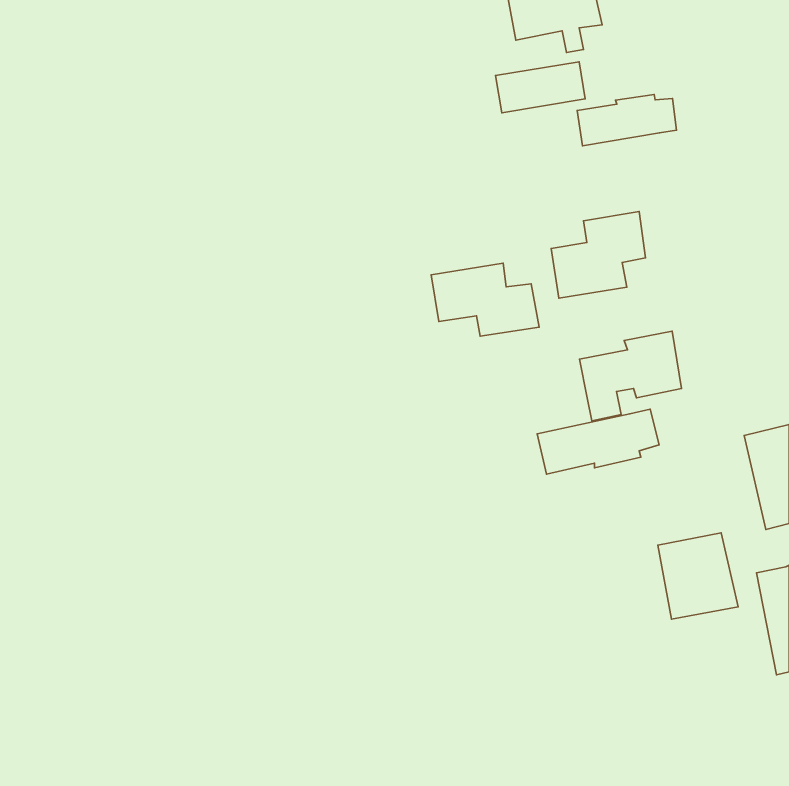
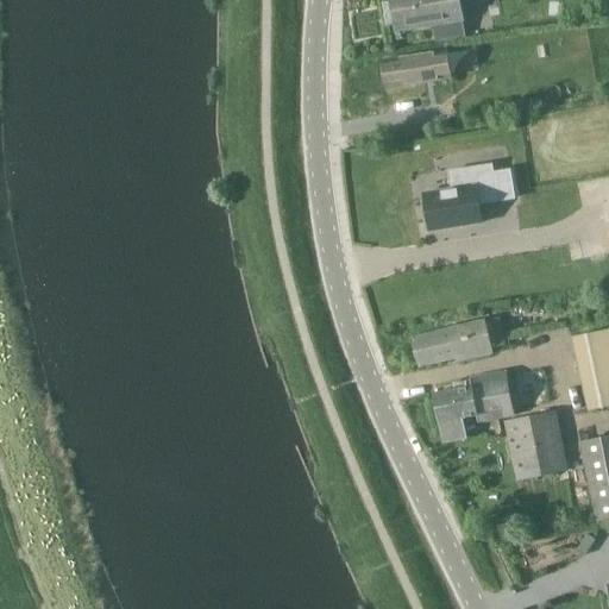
building: [577,94,676,146] -> none
building: [431,263,539,336] -> none
building: [579,331,681,421] -> [435,370,514,439]

